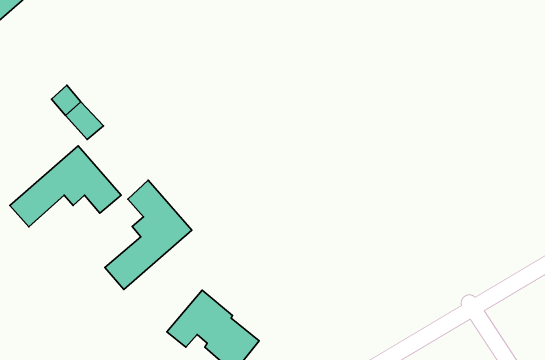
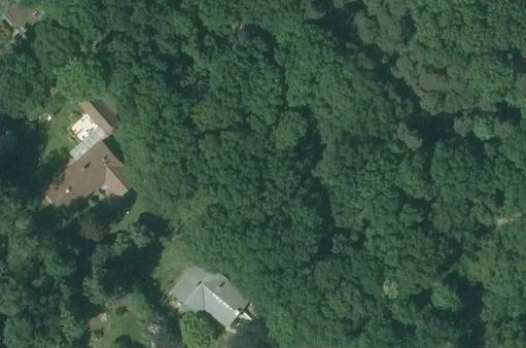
building: [105,180,192,289] -> none

